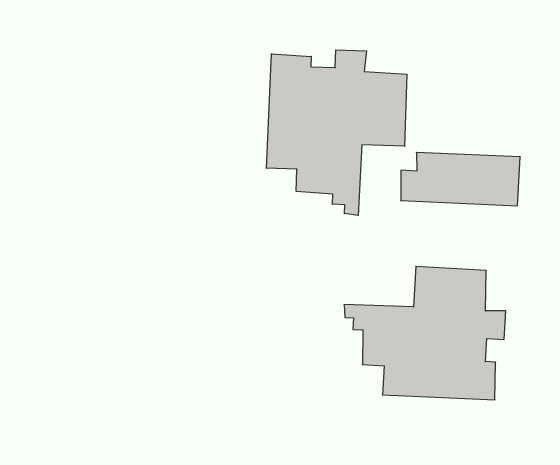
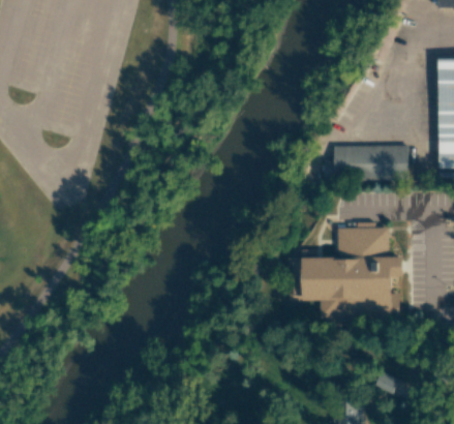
building: [266,50,407,215] -> none

